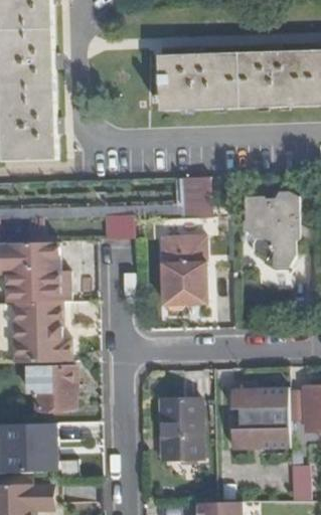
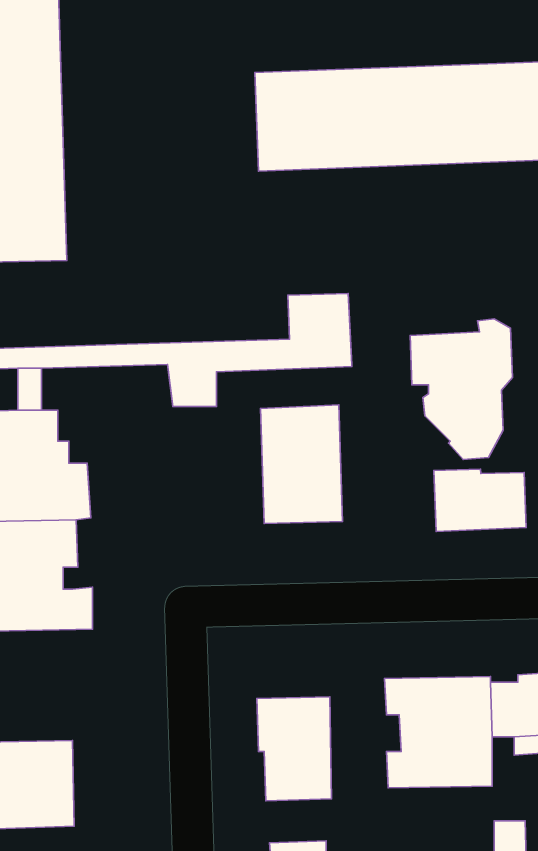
building: none -> [434,469,526,531]
building: [27,368,76,407] -> none

